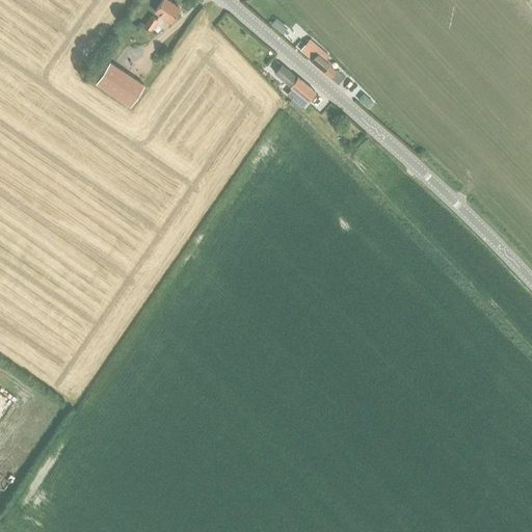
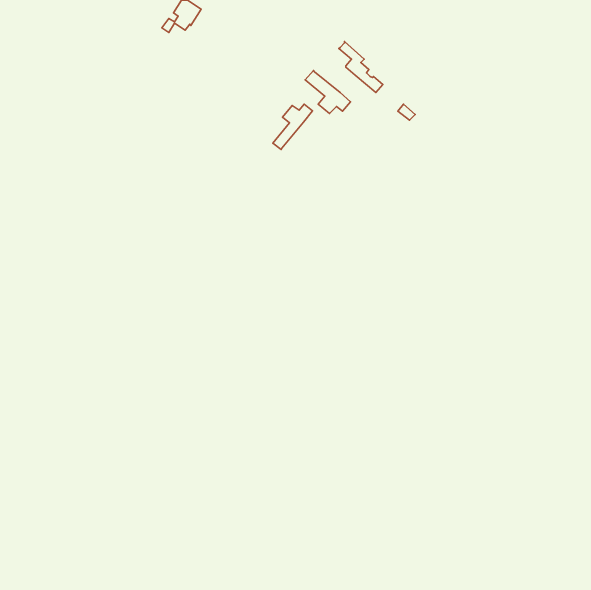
building: [96,62,144,106] -> none
building: none -> [273,104,312,149]

